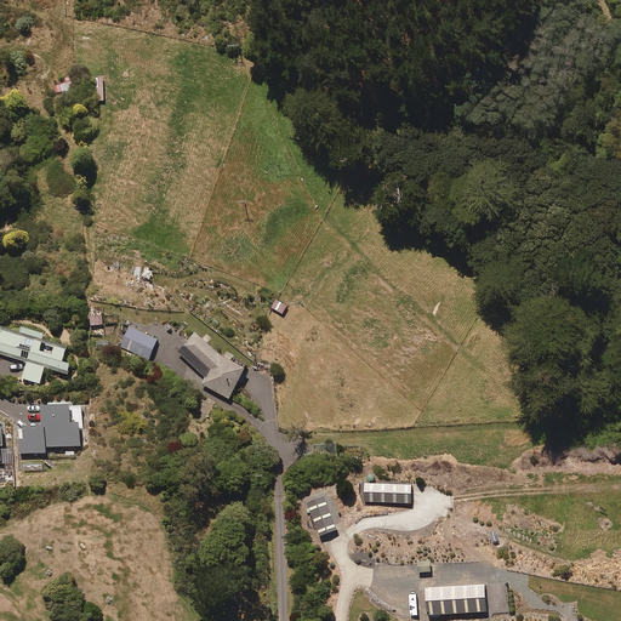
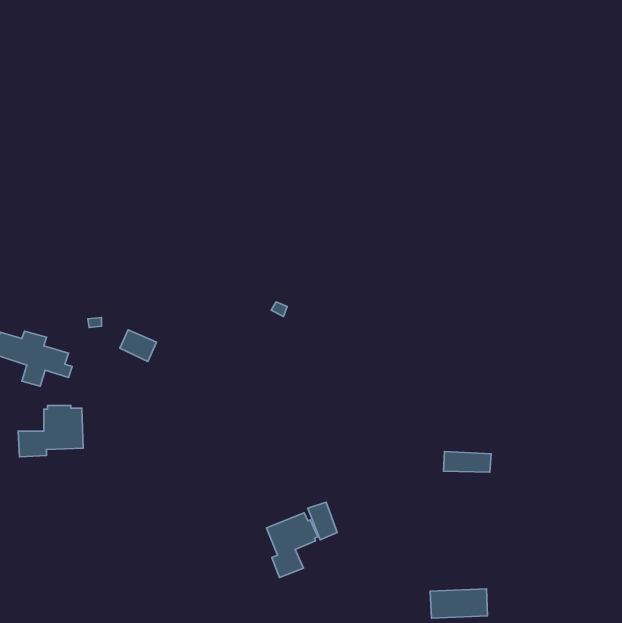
building: [177,334,244,400] -> none
building: [361,482,409,502] -> [443,452,491,472]
building: none -> [267,513,318,577]

